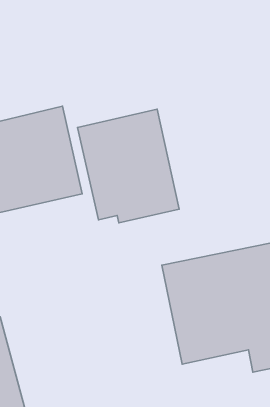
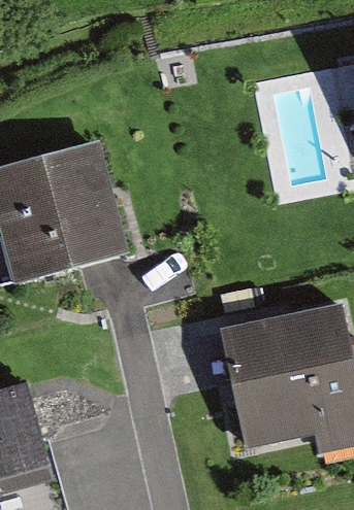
building: [78,109,179,223] -> none

